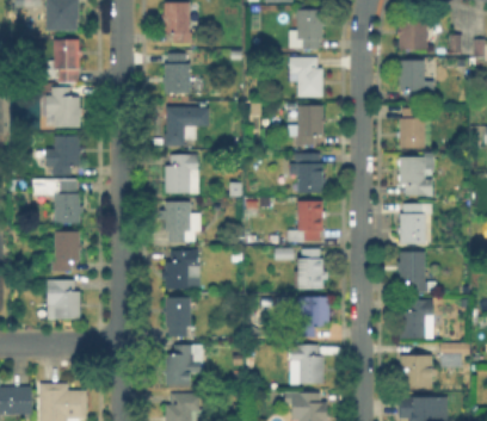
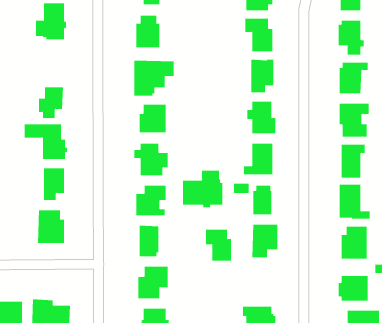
building: [39,88,81,125] -> none
building: none -> [183,170,223,208]
building: [291,346,322,383] -> [205,229,232,261]

